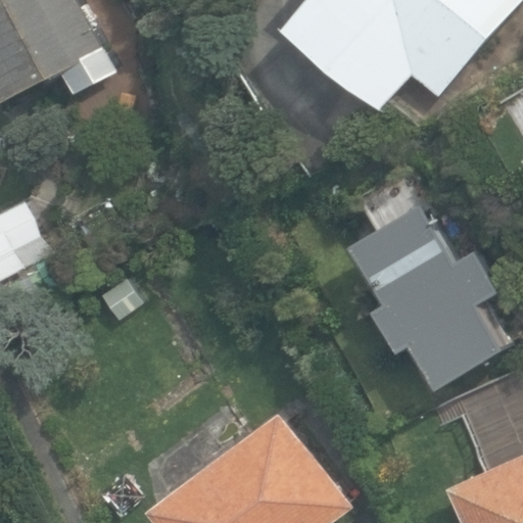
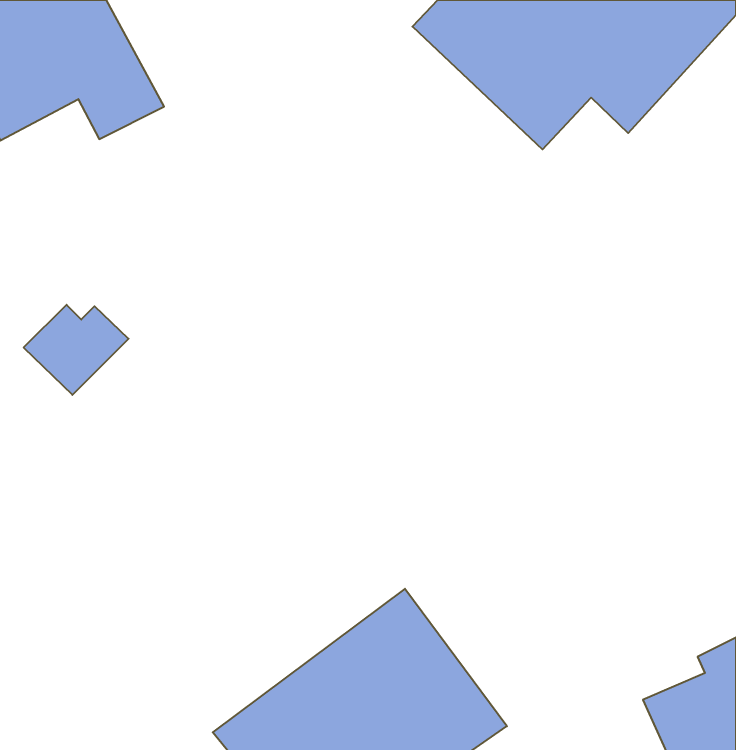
building: [351,173,504,387] -> none

